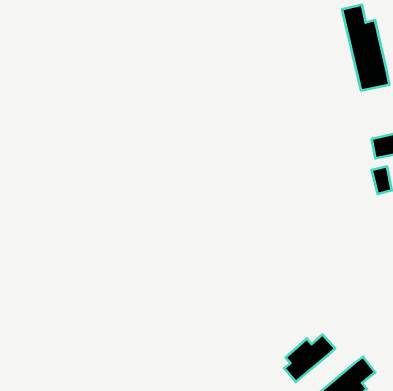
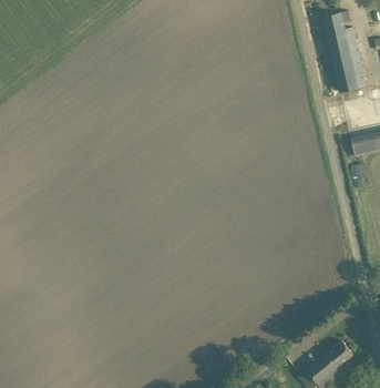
building: [284,335,335,382] -> none

